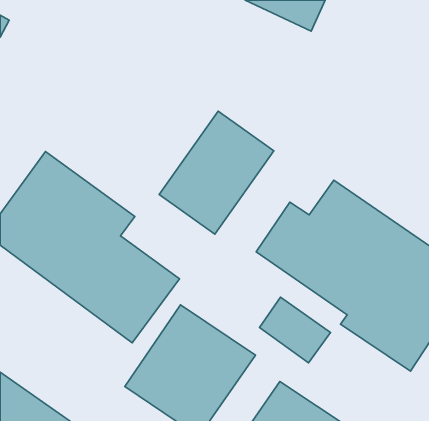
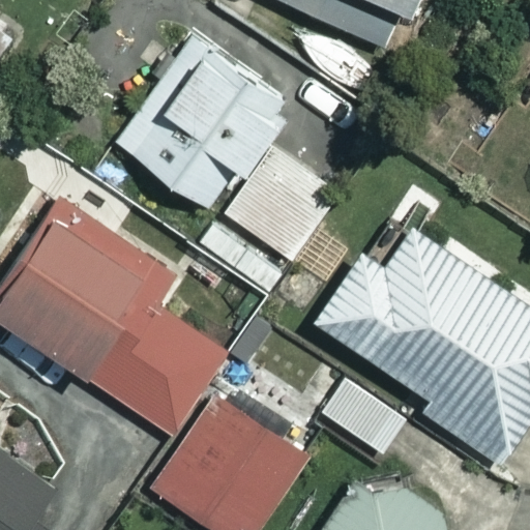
building: none -> [118,37,291,212]

